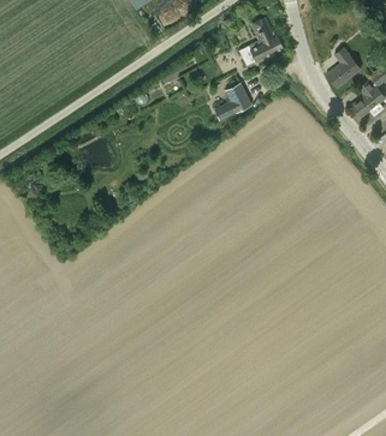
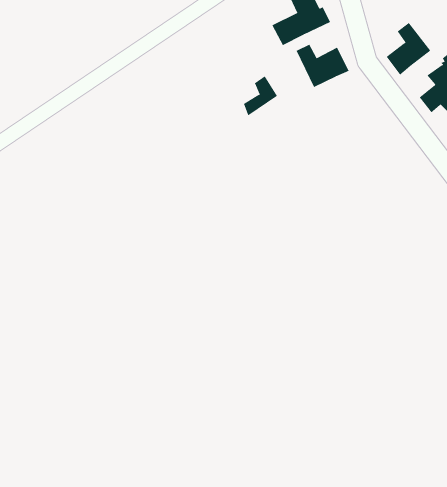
building: none -> [296,44,349,88]

